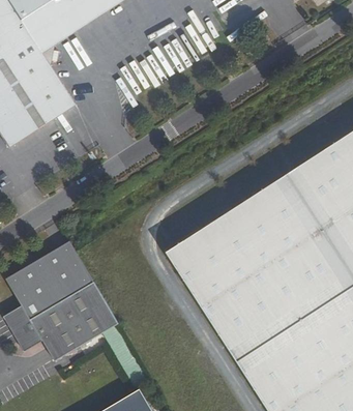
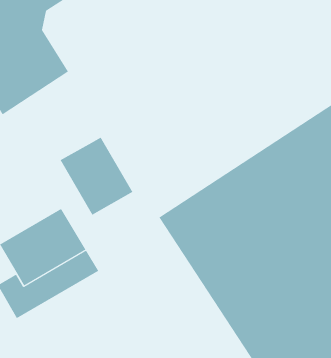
building: none -> [60,137,133,216]
building: [24,304,118,363] -> none

